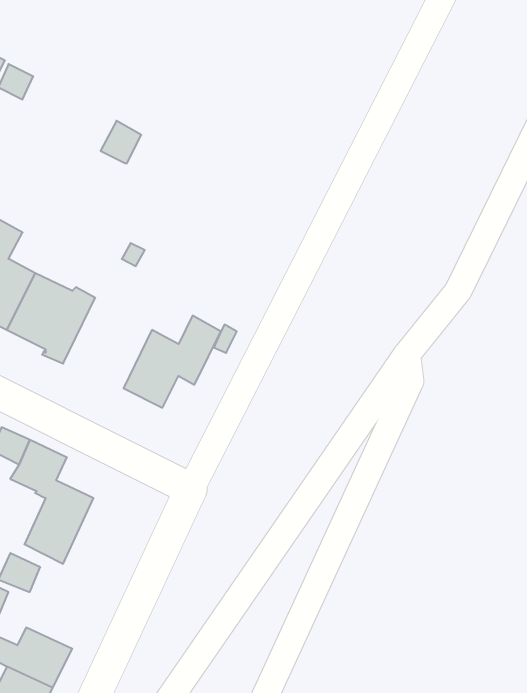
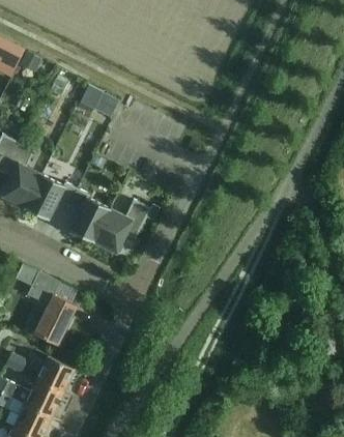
building: none -> [58,188,110,241]
building: none -> [36,356,75,394]

